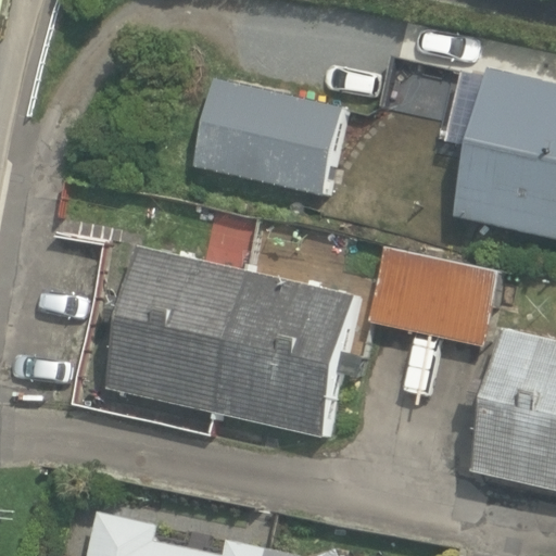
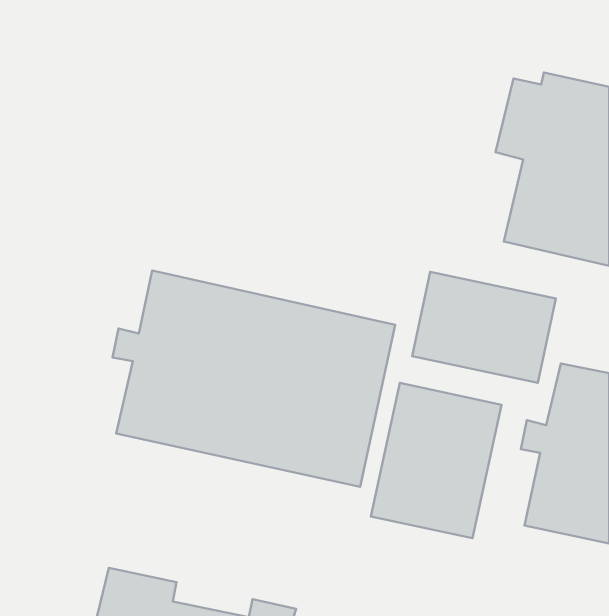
building: [192,78,342,195] -> none
building: none -> [371,383,502,538]

